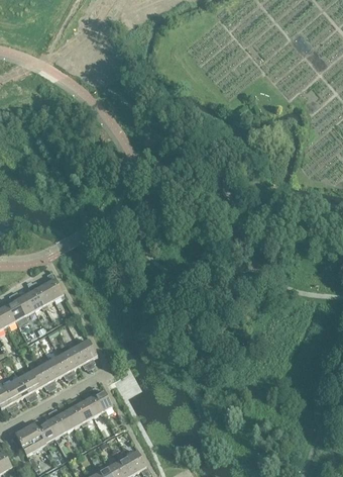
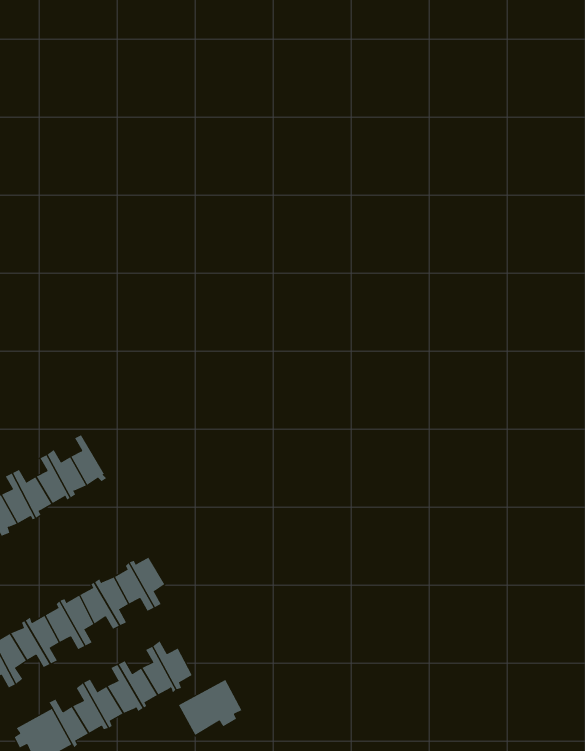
building: none -> [178,679,242,736]

